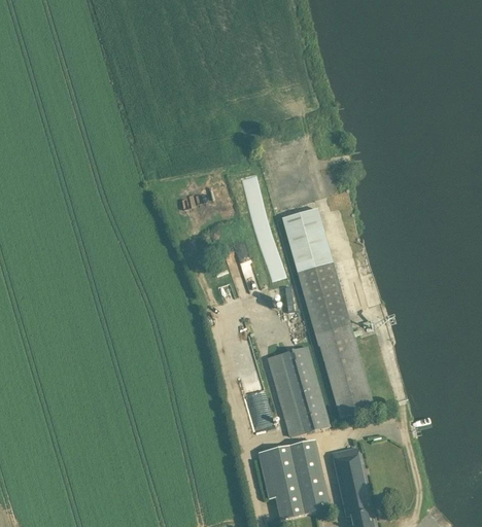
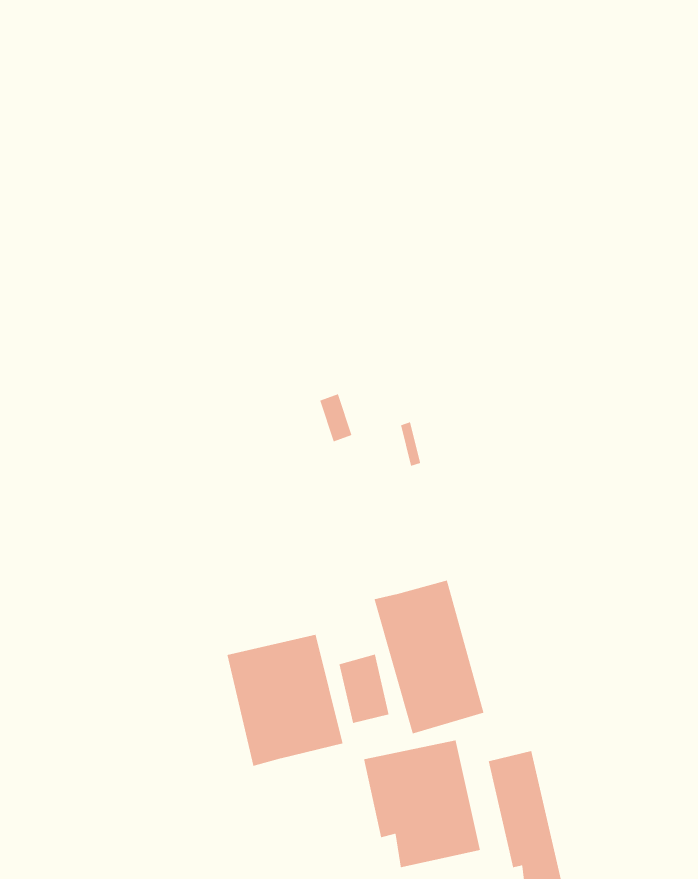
building: [284,208,371,415] -> none
building: none -> [226,634,343,767]

